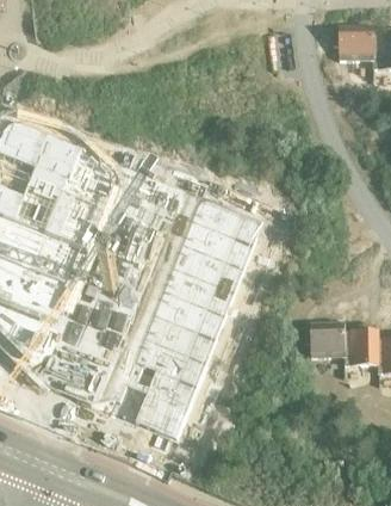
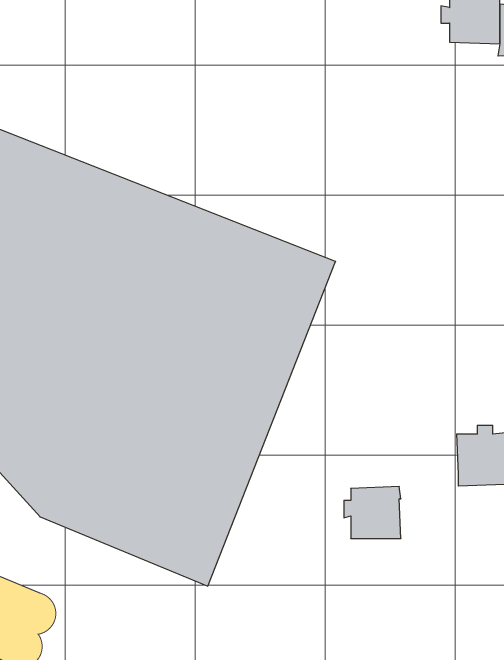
building: [305,325,345,360] -> [344,487,401,538]

